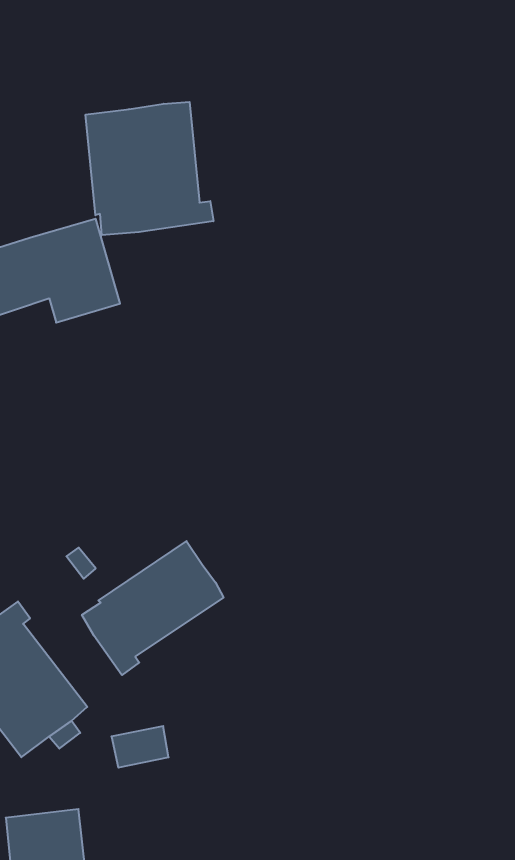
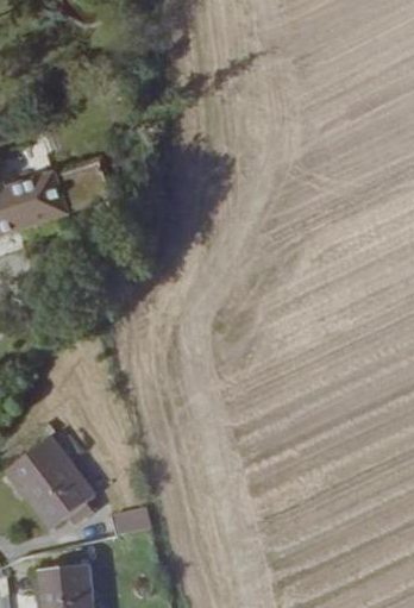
building: [86,102,213,235] -> none
building: [82,541,224,675] -> none

